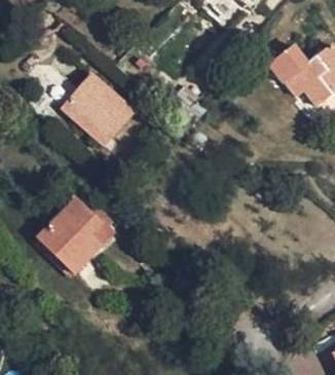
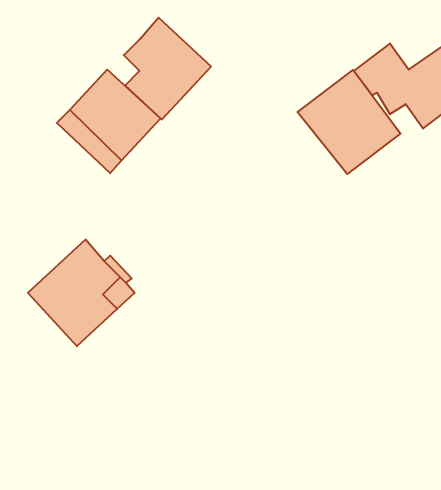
building: none -> [124,18,211,120]
building: none -> [297,70,401,174]

